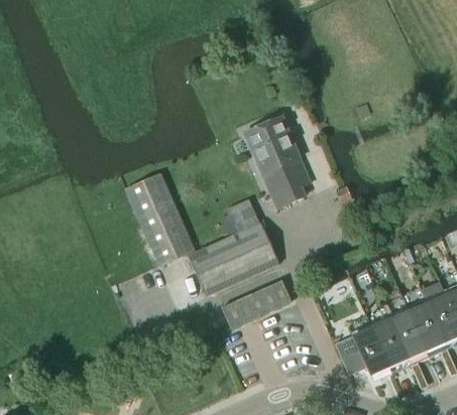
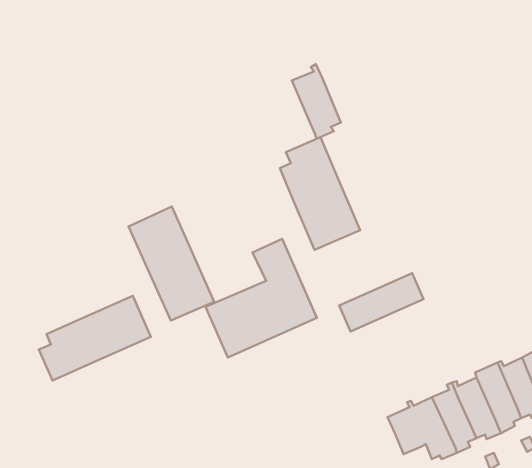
building: none -> [292,64,341,139]
building: none -> [39,296,151,380]
building: [222,280,291,327] -> [339,273,423,332]

